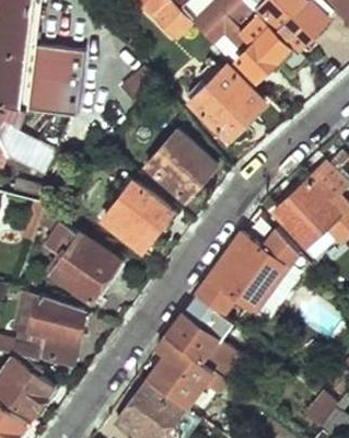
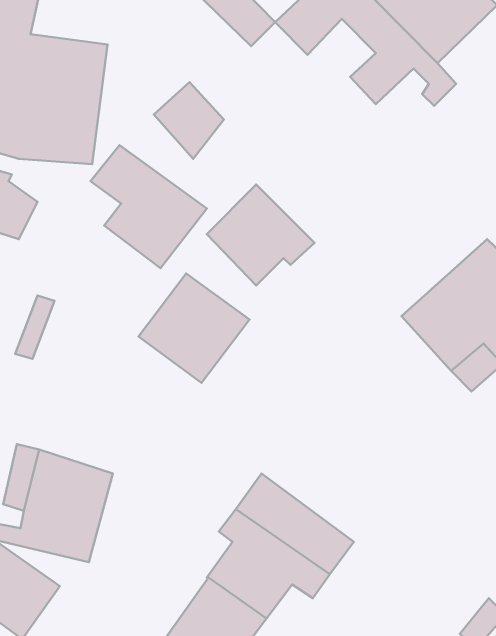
building: [191,68,263,139] -> none
building: [44,221,118,300] -> [91,145,207,268]
building: [195,231,298,315] -> none

